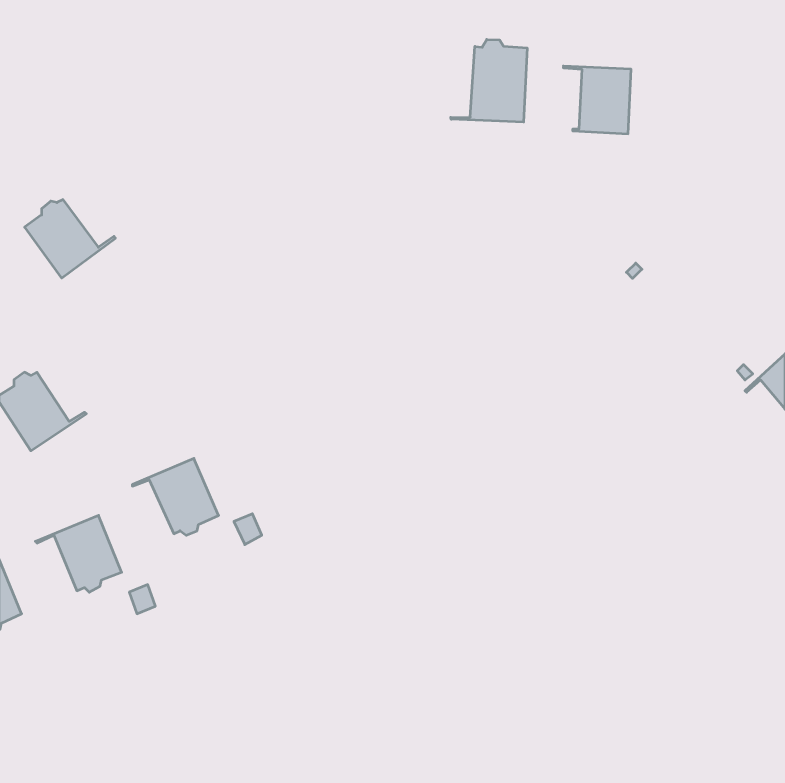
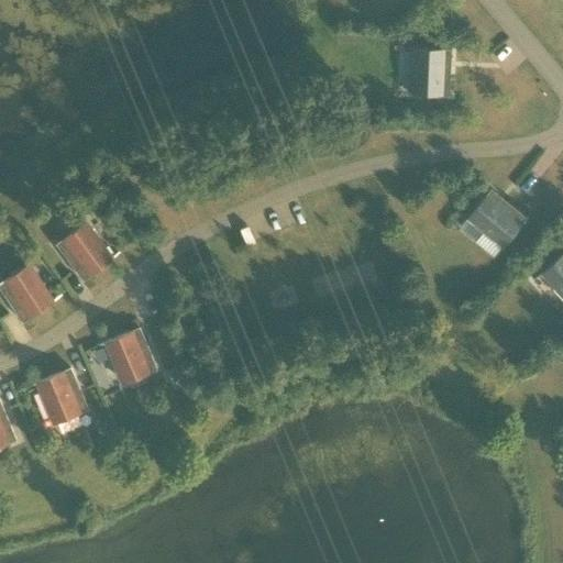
building: [451,39,527,122] -> none
building: [25,200,115,278] -> [56,227,121,283]
building: none -> [460,191,526,251]

